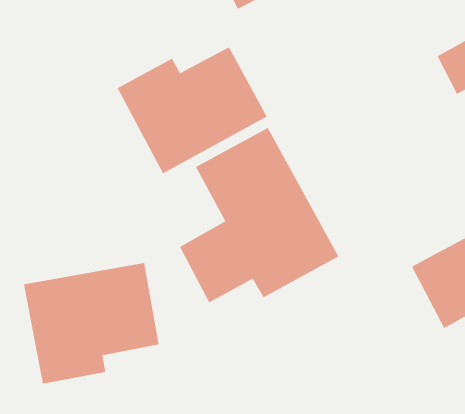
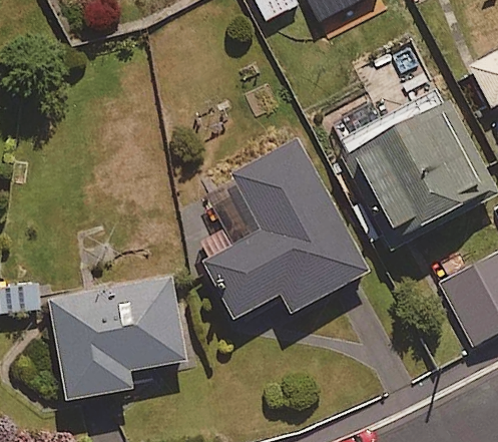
building: [117,46,267,174] -> none
building: none -> [352,104,485,239]

